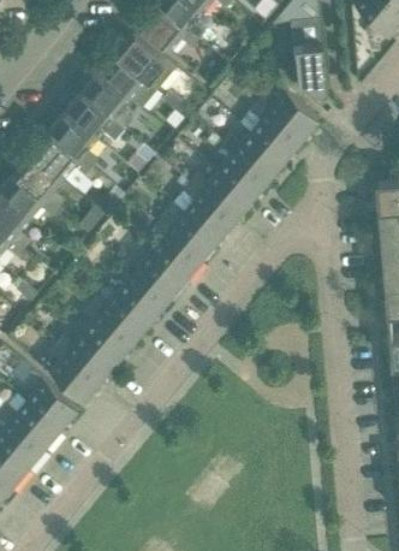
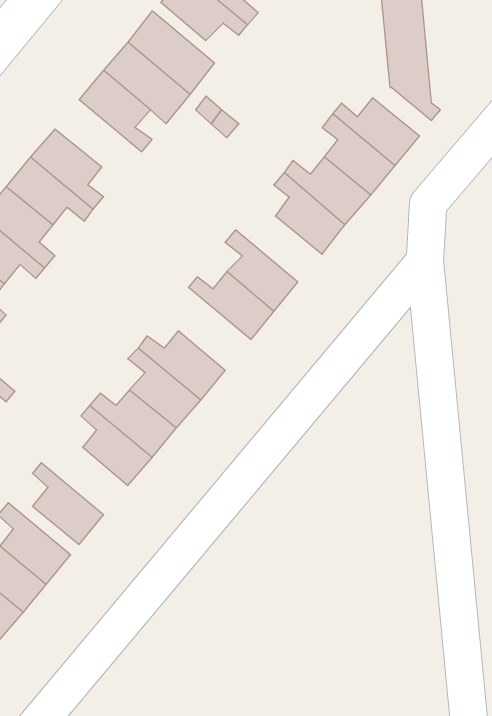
building: [64,96,124,144] -> none
building: [189,177,249,223] -> none
building: [149,226,200,284] -> none
building: [54,337,114,384] -> none

